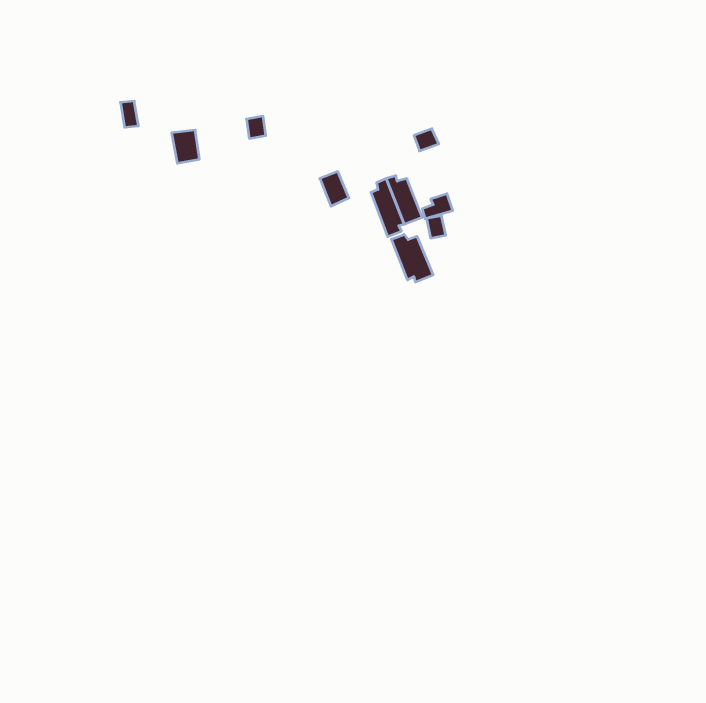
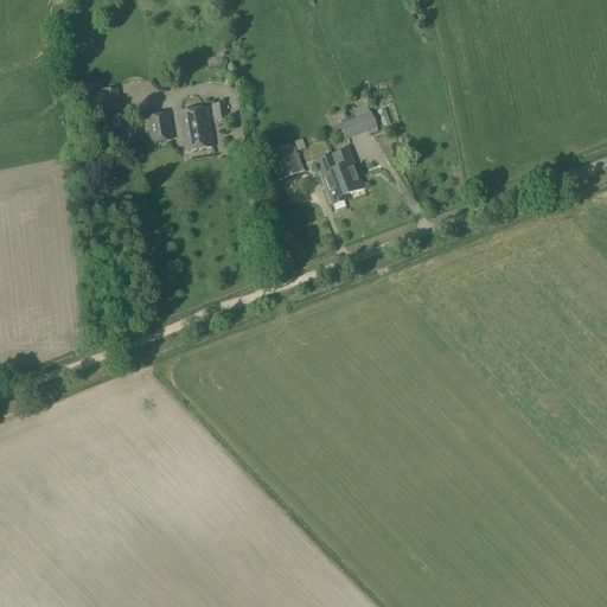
building: none -> [179,104,213,148]
building: [392,234,433,282] -> none

